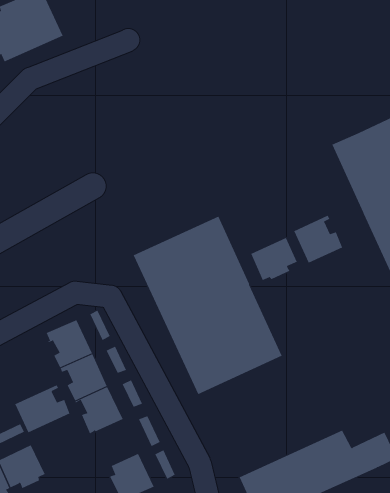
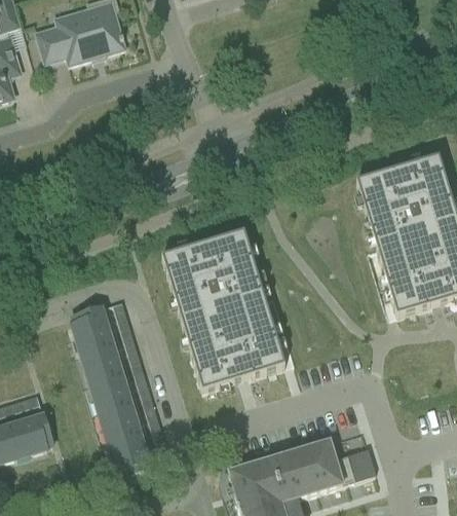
building: [294,215,343,263] -> none
building: [250,237,298,281] -> none
building: [15,384,70,433] -> none
building: none -> [103,402,141,443]

